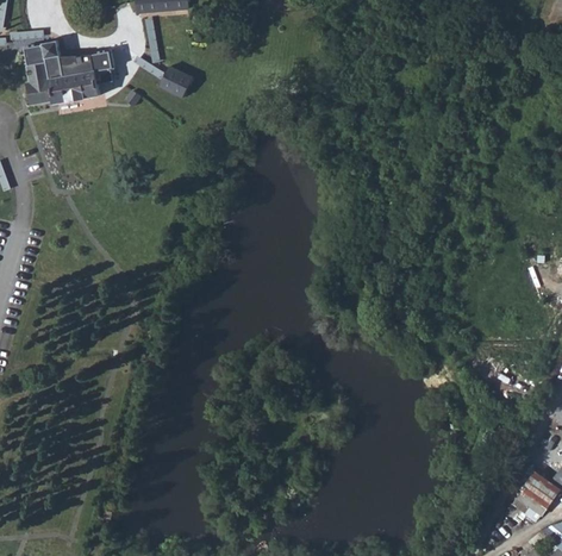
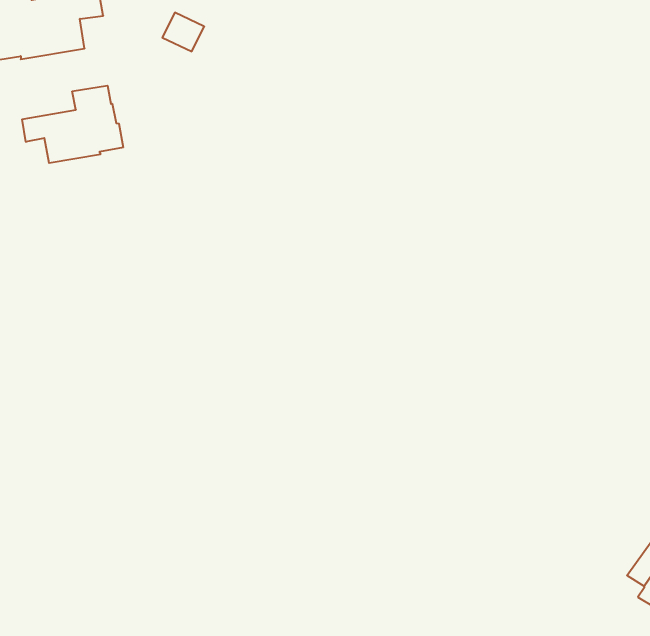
building: none -> [22,86,123,163]

